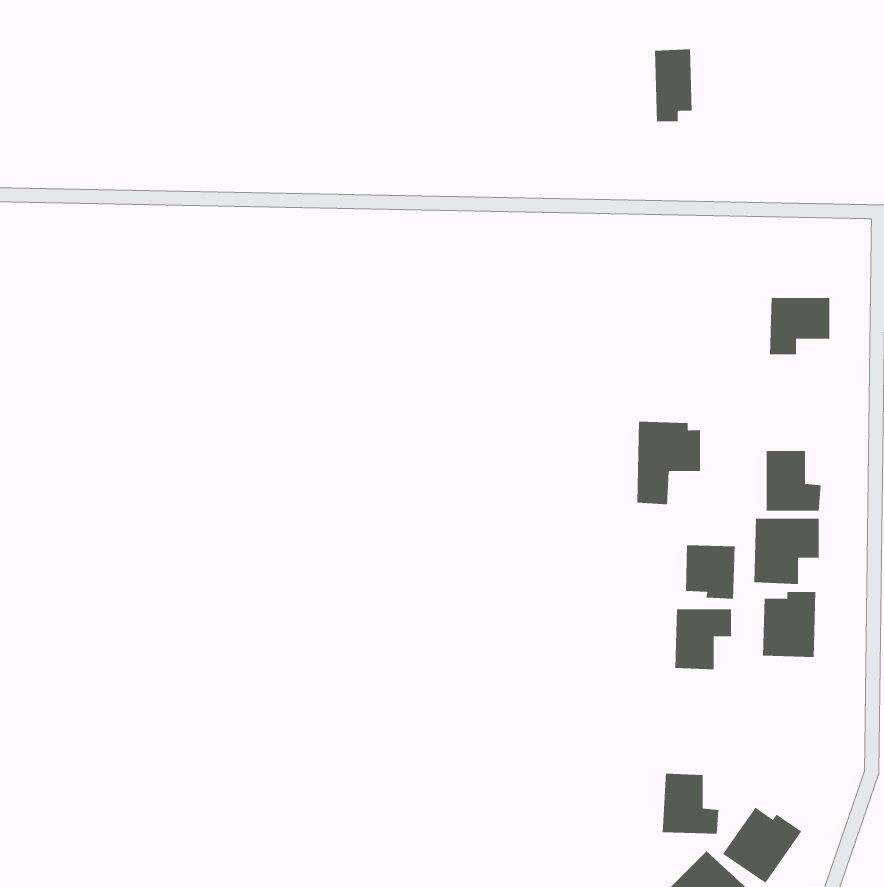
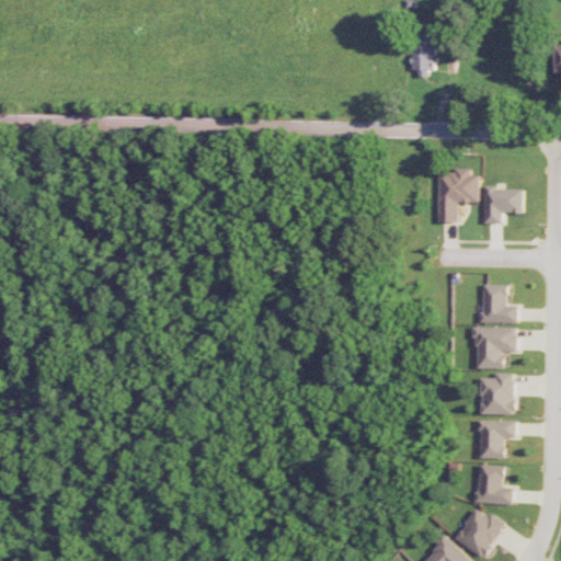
building: [636,421,701,505] -> [437,171,478,224]
building: [686,545,735,600] -> none
building: [675,609,732,670] -> [479,421,515,459]
building: [662,773,719,834] -> [477,466,513,504]

